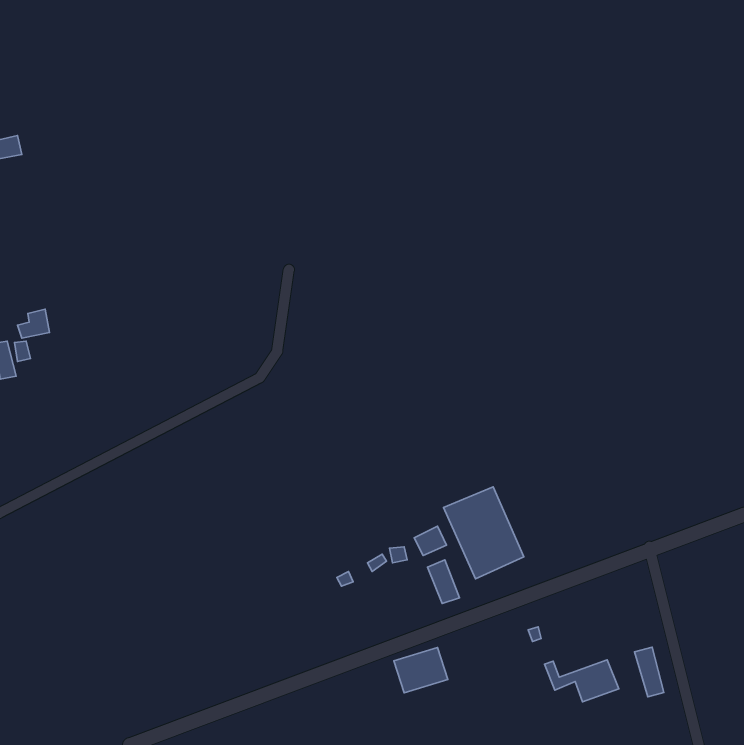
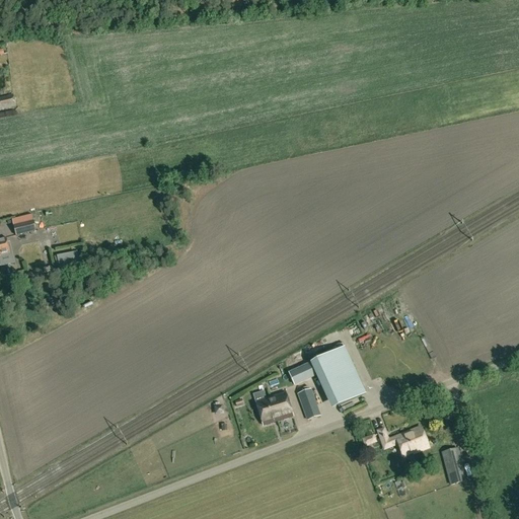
building: [394,648,448,693] -> [254,393,292,425]
building: [544,660,619,702] -> [376,428,428,457]

